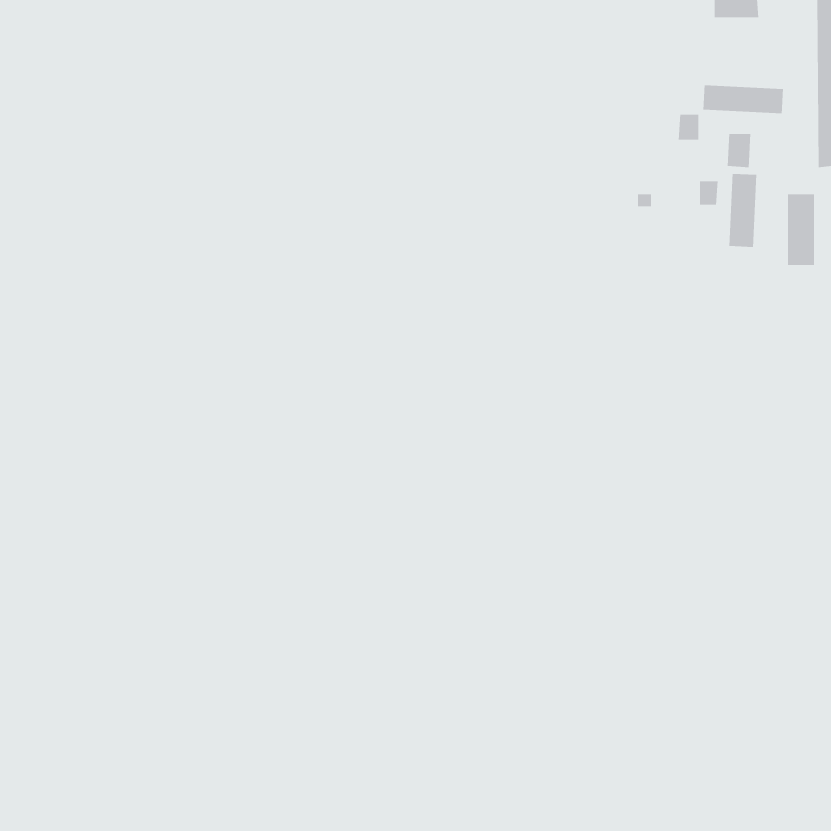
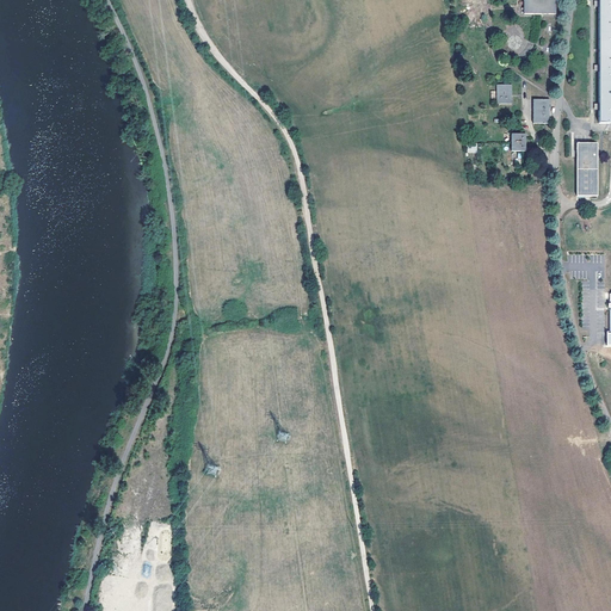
building: [703,85,783,114] -> none
building: [729,173,757,248] -> none

